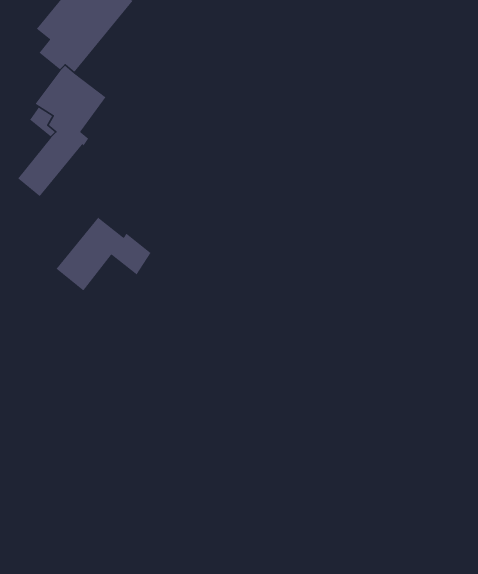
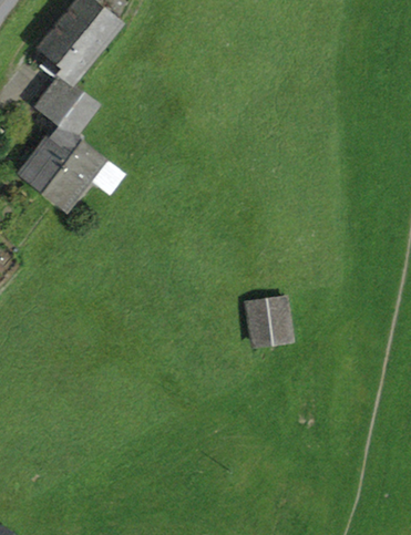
building: [55,217,152,291] -> [42,143,122,205]
building: none -> [247,297,289,342]

